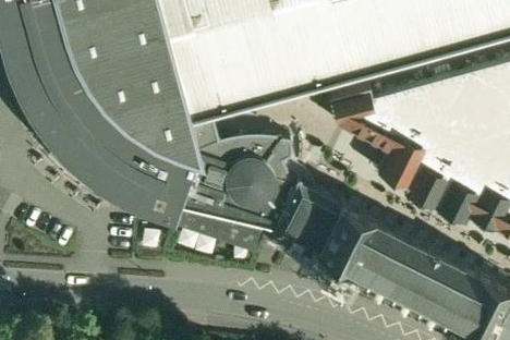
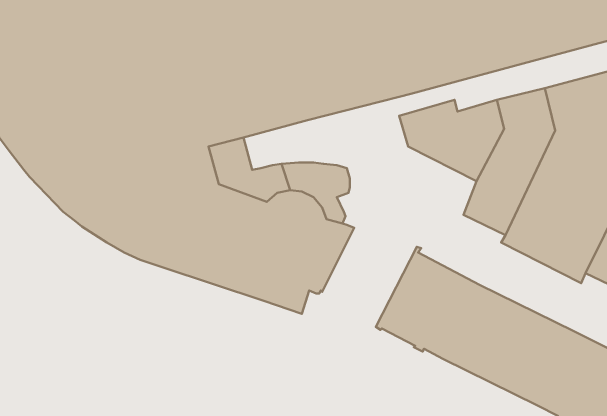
building: [266,180,341,259] -> none

